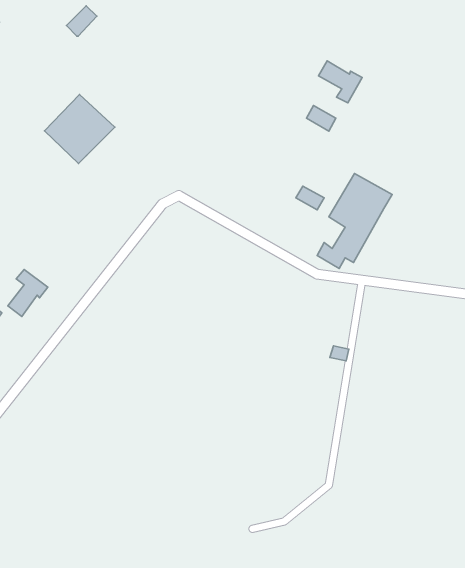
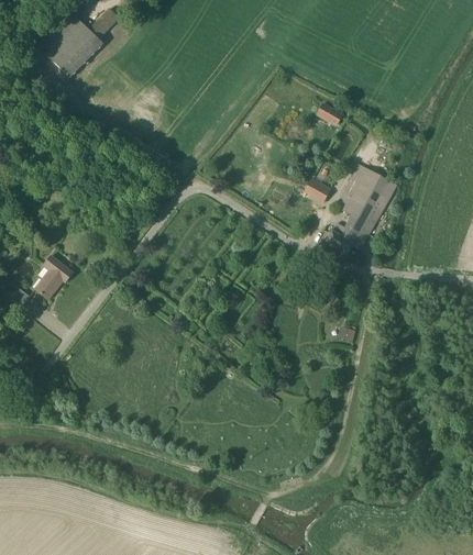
building: [318,61,362,103] -> none
building: [44,94,115,164] -> [37,12,103,77]

